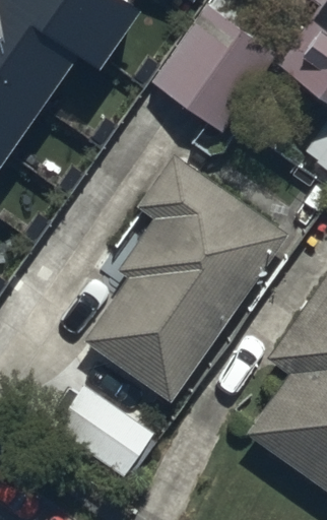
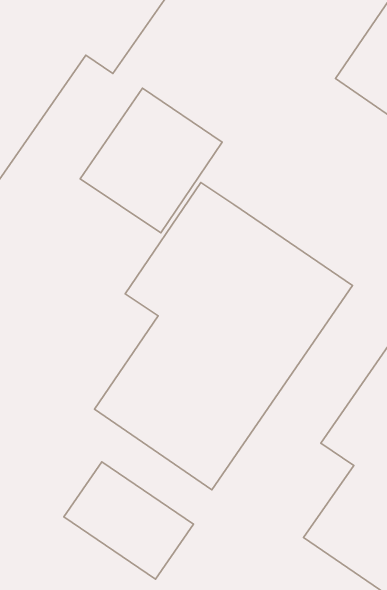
building: [160,8,278,128] -> [80,88,222,233]

